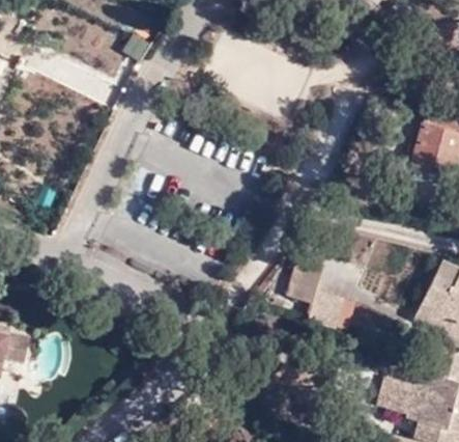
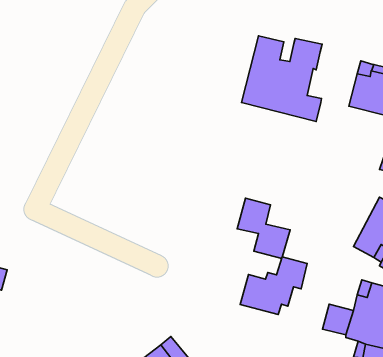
building: none -> [242,36,322,122]
building: none -> [240,257,307,315]

